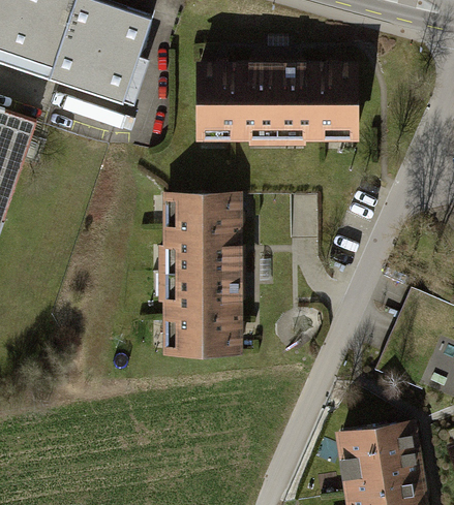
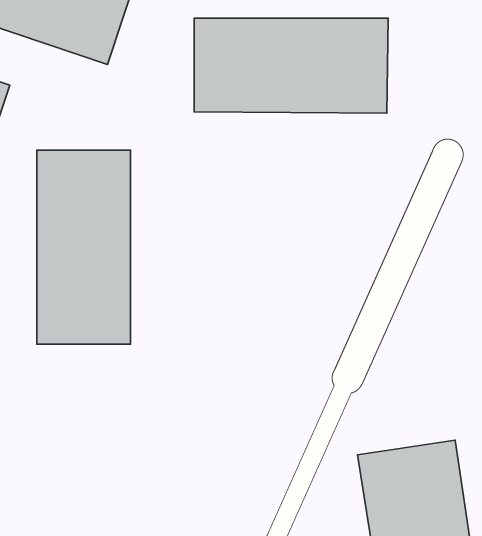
building: [161,192,241,356] -> [37,150,131,344]

